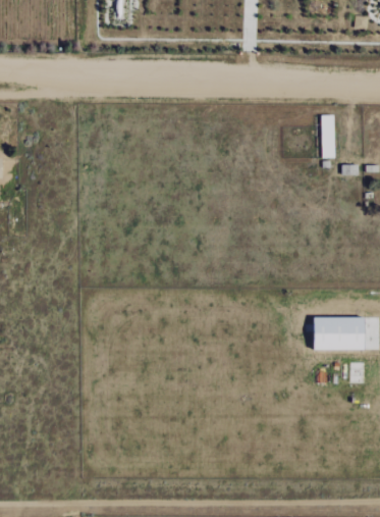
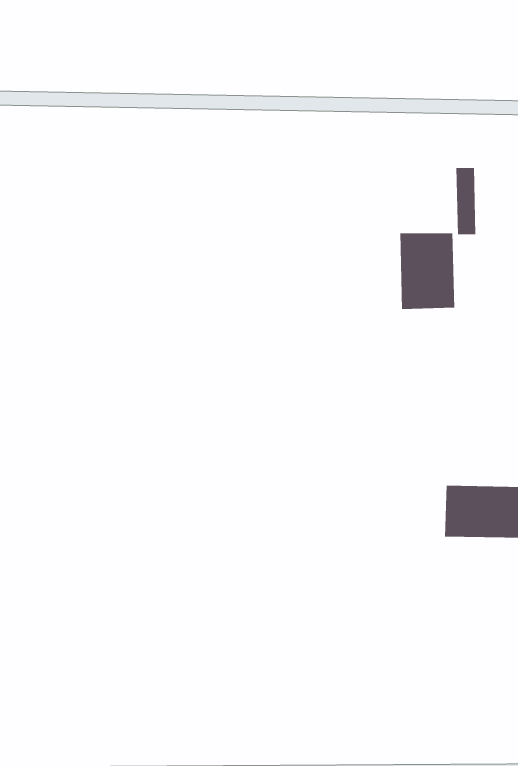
building: none -> [400,233,455,310]

